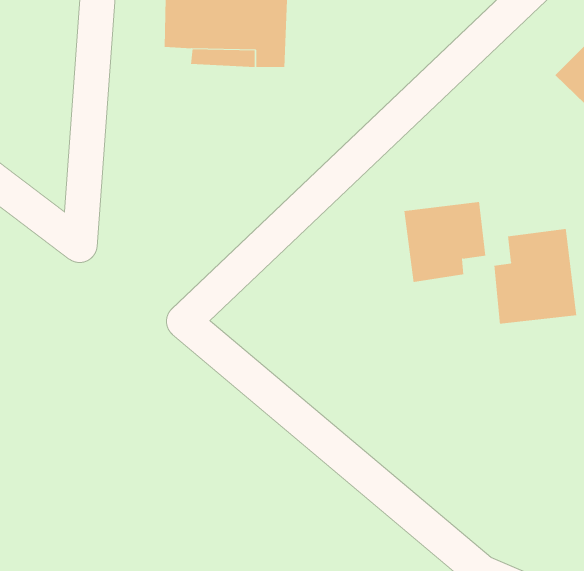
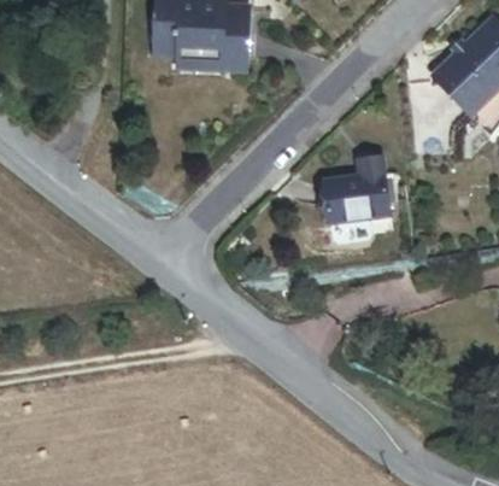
building: [494,228,577,325] -> none

